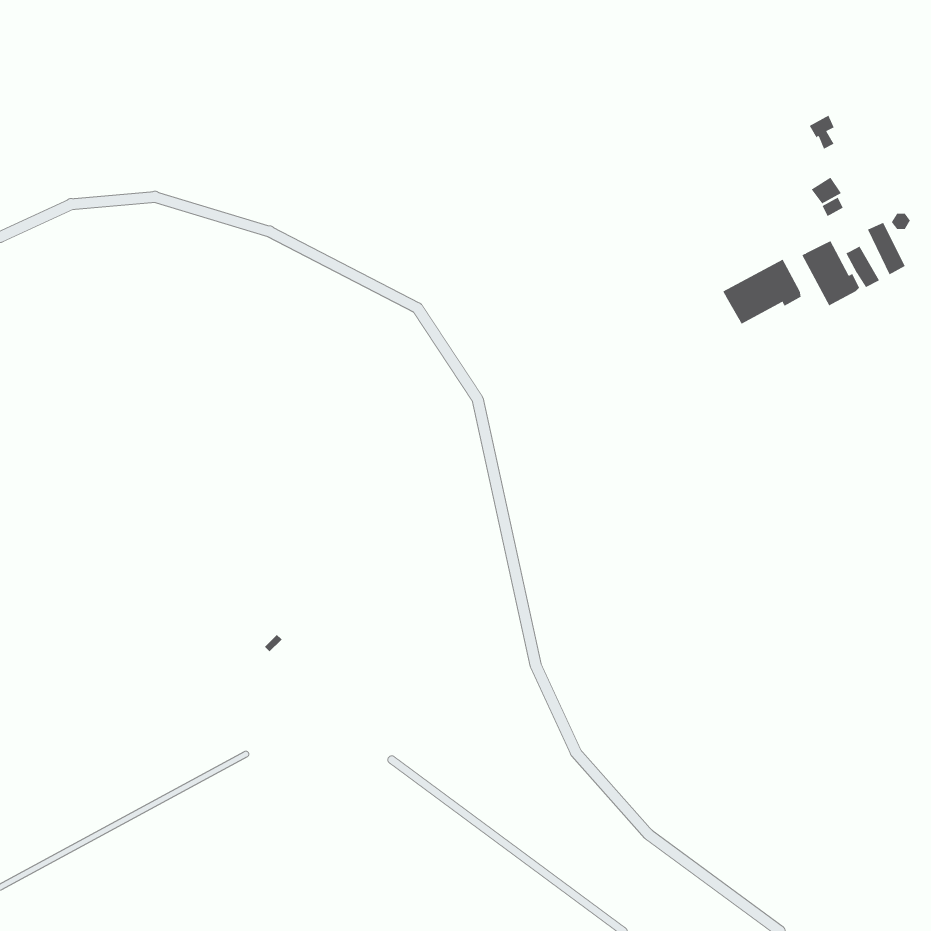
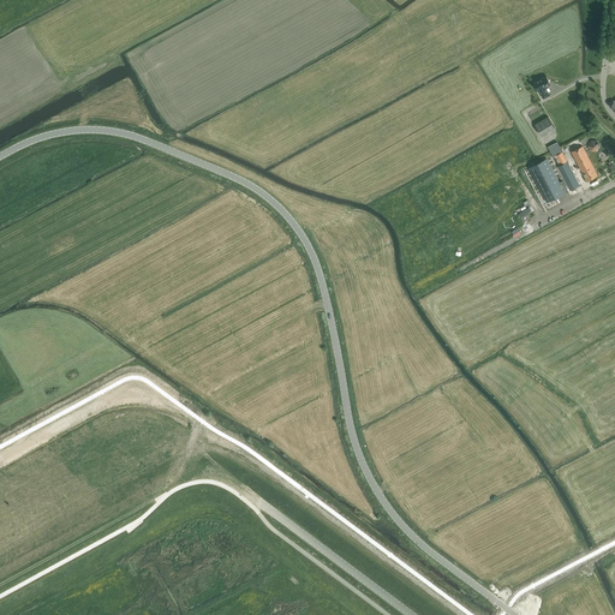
building: [723,259,801,325] -> none

